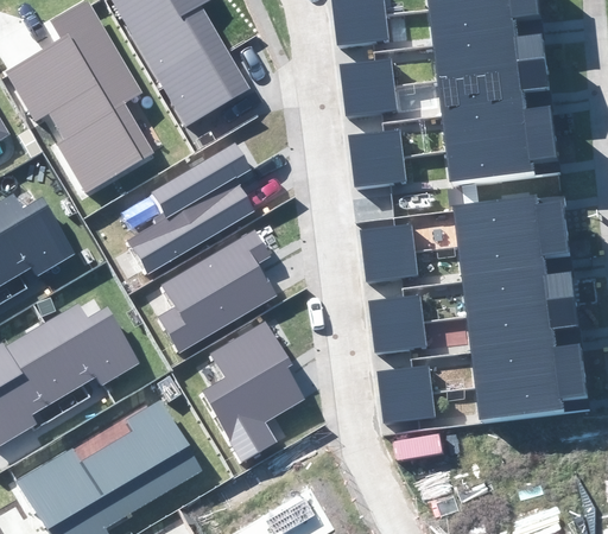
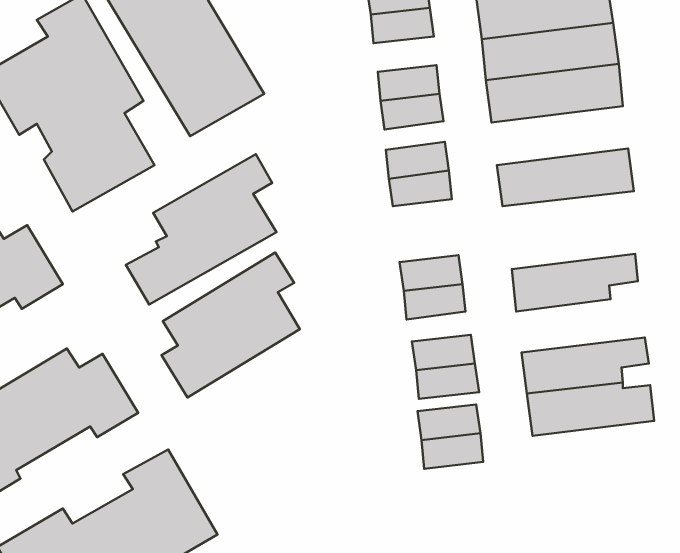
building: [442,100,560,151] -> none
building: [455,196,566,241] -> none
building: [463,267,575,313] -> none
building: [198,318,305,463] -> none
building: [477,373,587,421] -> none

